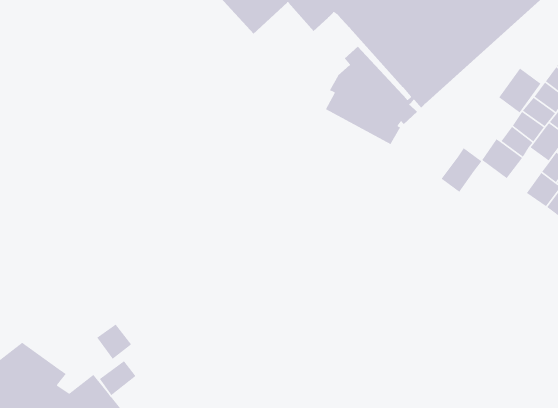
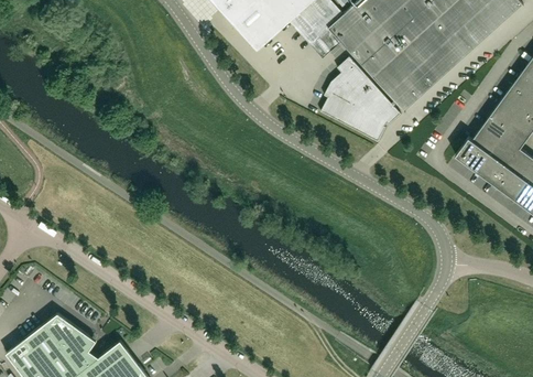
building: [498,68,542,113] -> none
building: [440,147,482,193] -> [477,146,513,185]
building: [96,323,132,360] -> none
building: [99,360,137,396] -> none

